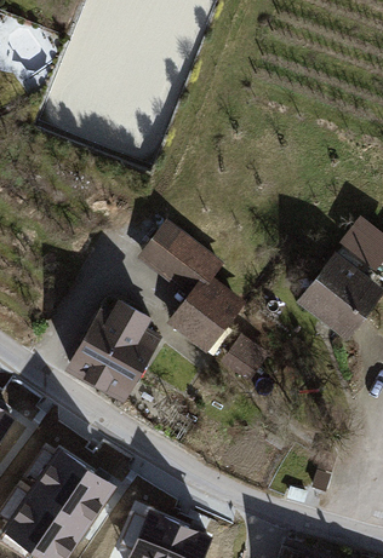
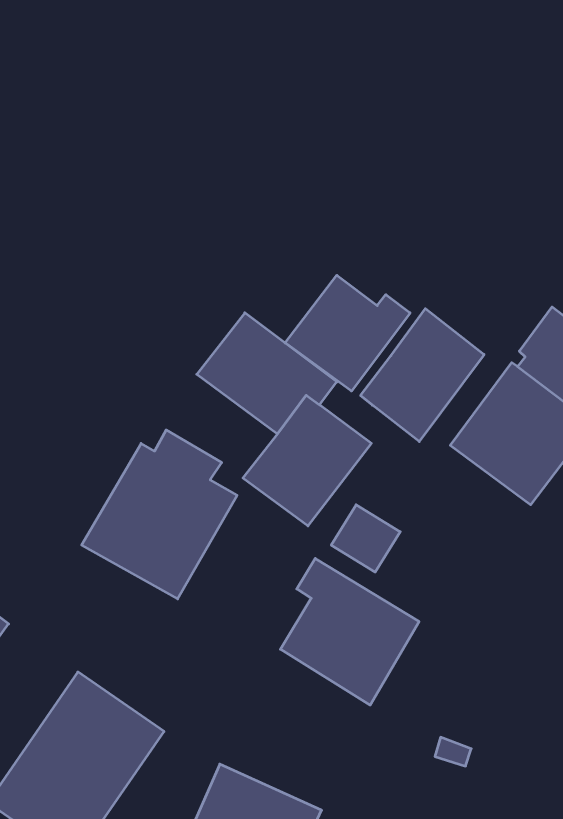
building: none -> [285,275,410,391]
building: none -> [361,309,484,442]
building: none -> [280,558,419,705]

